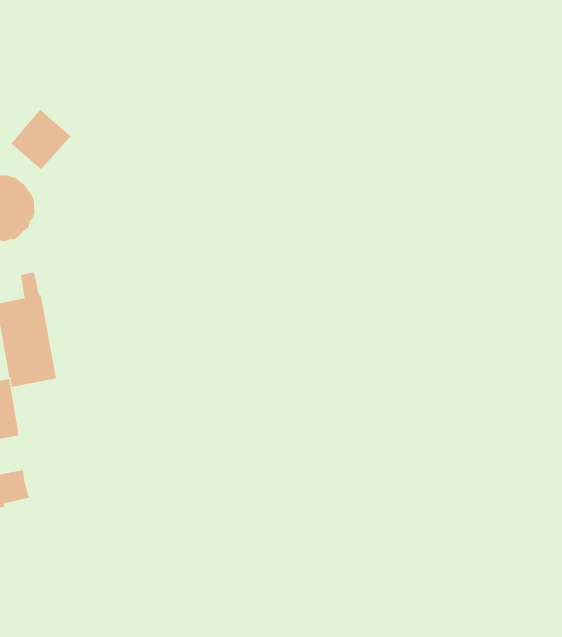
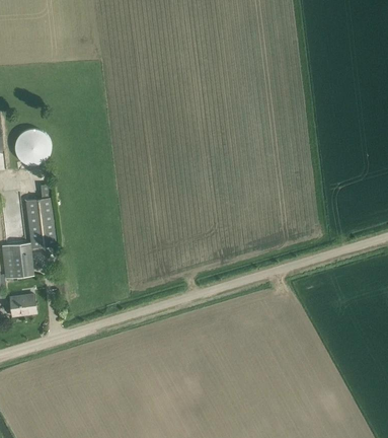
building: [10,109,72,170] -> none

